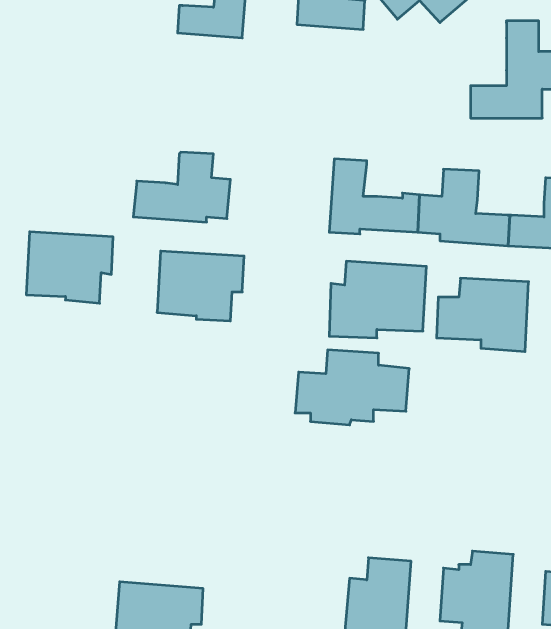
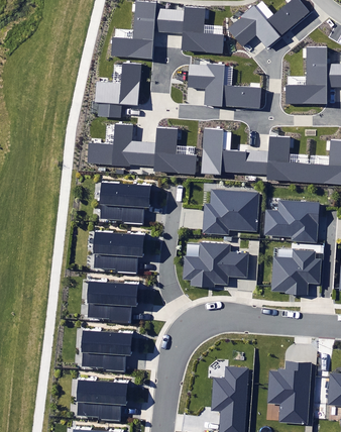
building: none -> [189,64,260,107]
building: none -> [95,65,140,119]
building: none -> [141,127,196,173]
building: [26,232,113,303] -> [93,232,144,275]
building: none -> [272,250,323,294]
building: none -> [86,281,138,323]
building: none -> [80,331,132,372]

